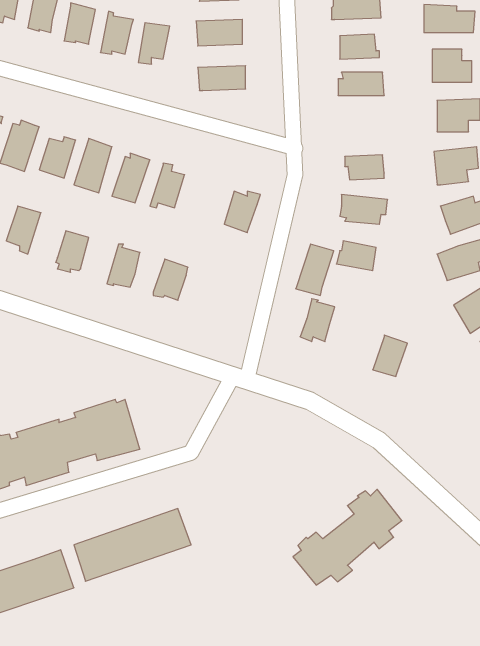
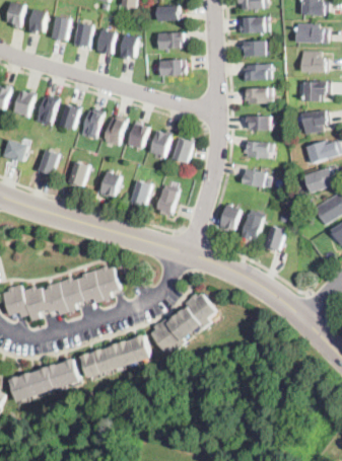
building: none -> [244,88,273,103]
building: none -> [150,131,172,158]
building: [296,244,334,295] -> [241,210,264,241]
building: none -> [155,184,179,216]
building: [293,489,402,585] -> [150,291,217,350]

